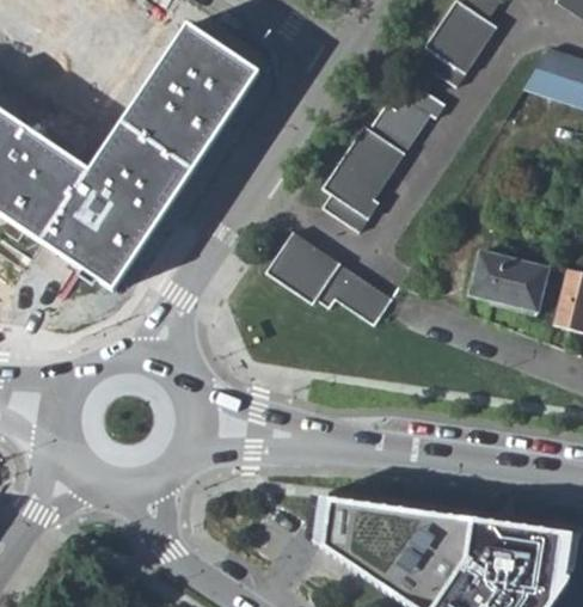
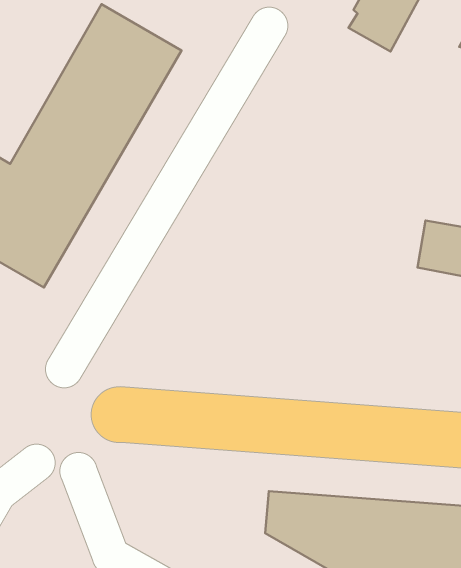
building: [321,86,446,232] -> none
building: [266,231,392,325] -> none

